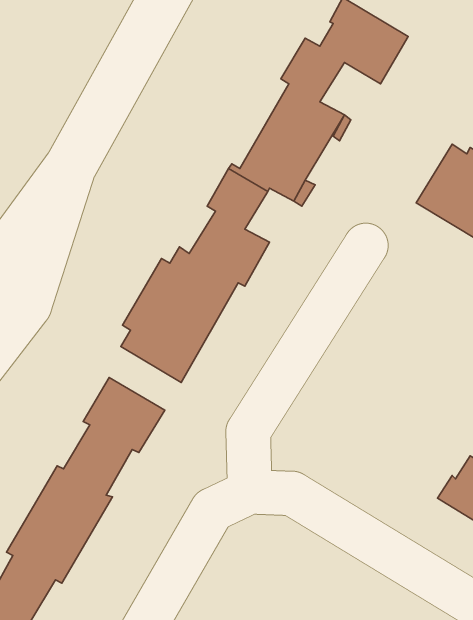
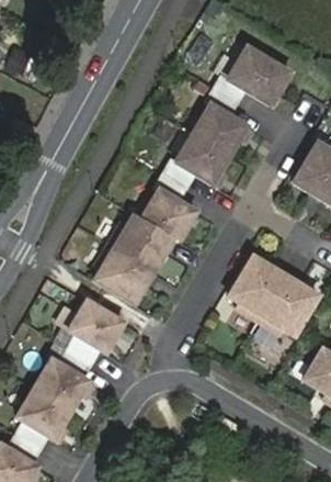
building: none -> [226,256,316,335]

